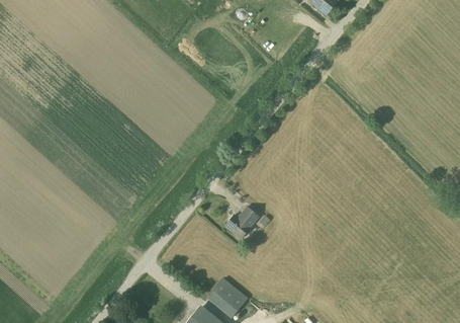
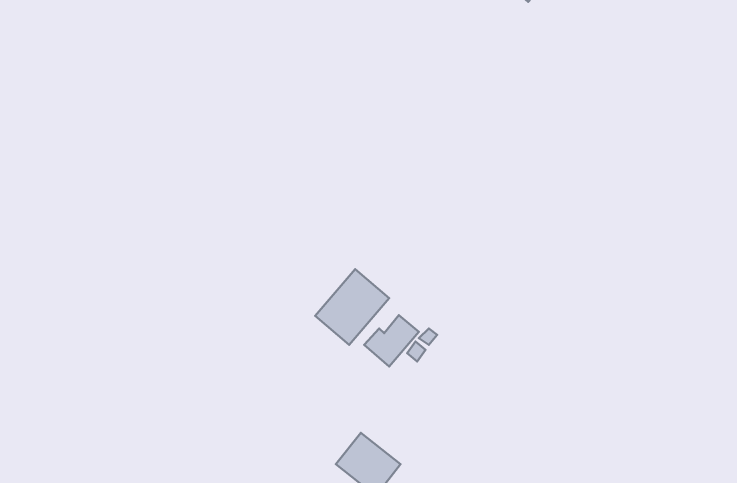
building: none -> [315,269,389,345]

